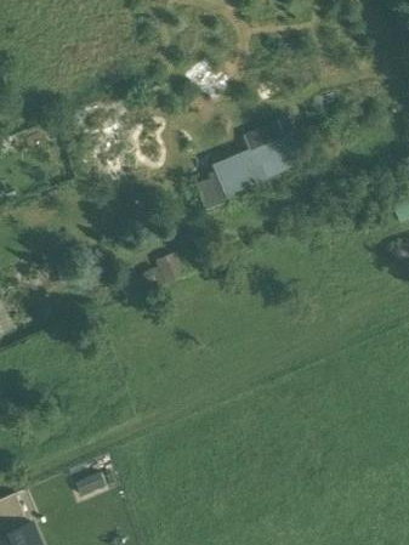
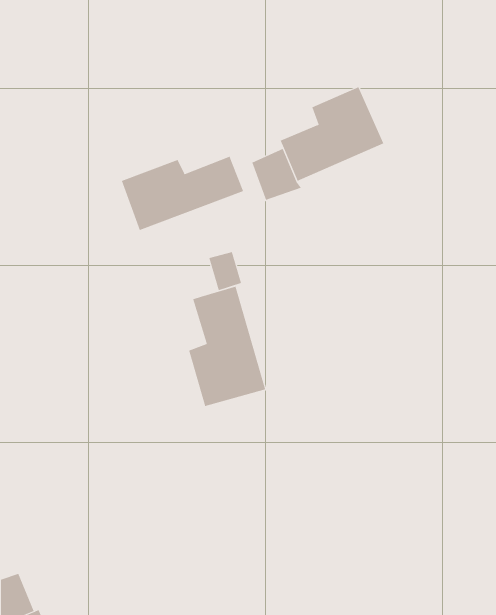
building: none -> [121,156,244,231]
building: none -> [188,286,266,407]

